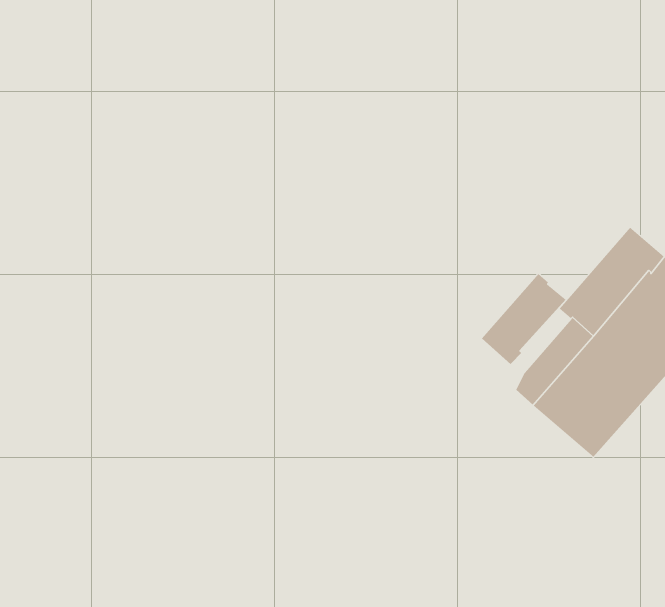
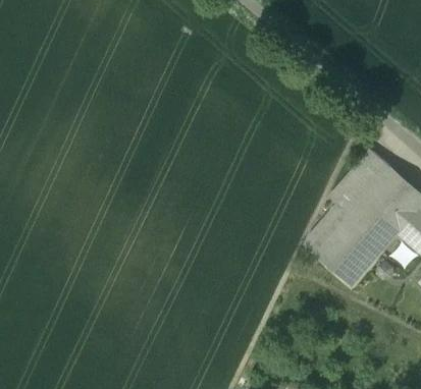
building: [481,273,566,365] -> none

